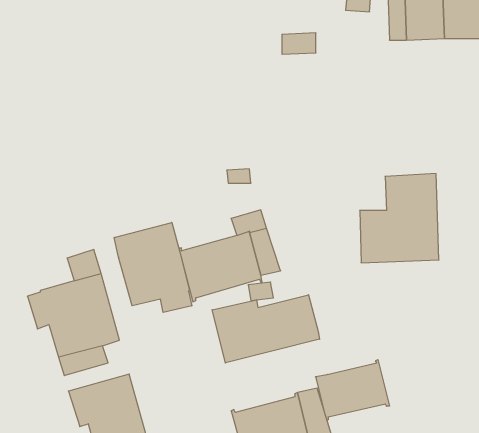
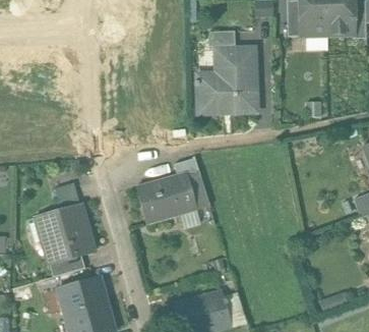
building: [360,174,439,263] -> [198,49,255,113]
building: [114,222,192,312] -> none
building: [212,295,320,363] -> none
building: [316,360,389,420] -> none

